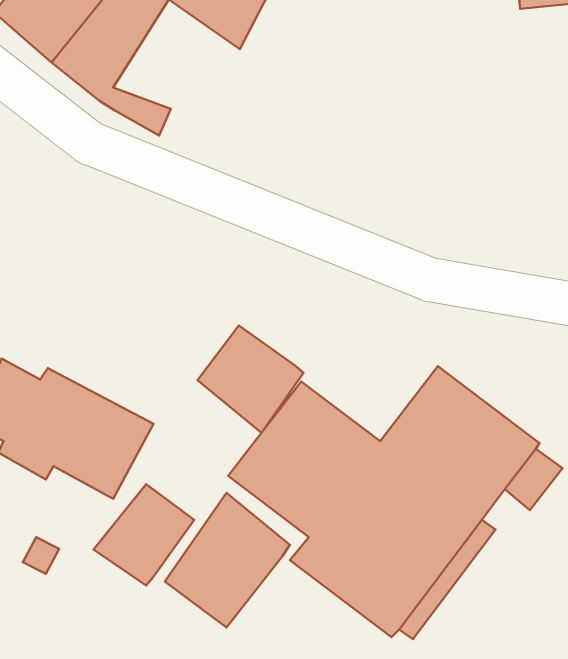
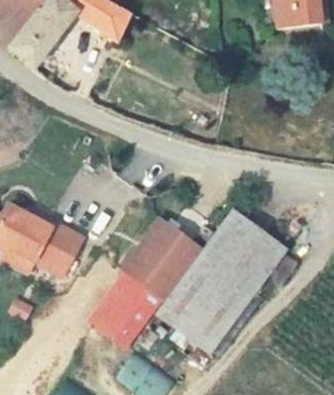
building: [198,325,303,433] -> none
building: [94,484,194,585] -> none

